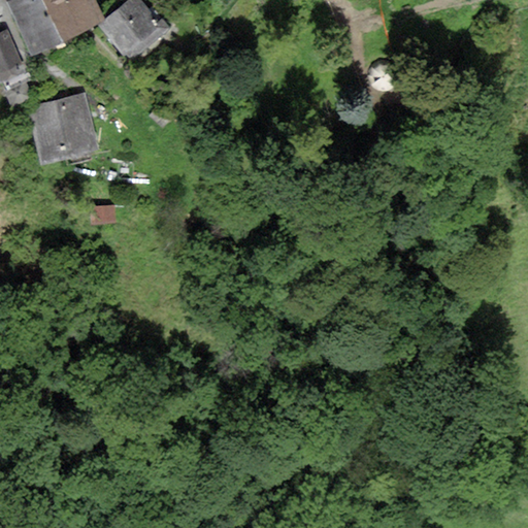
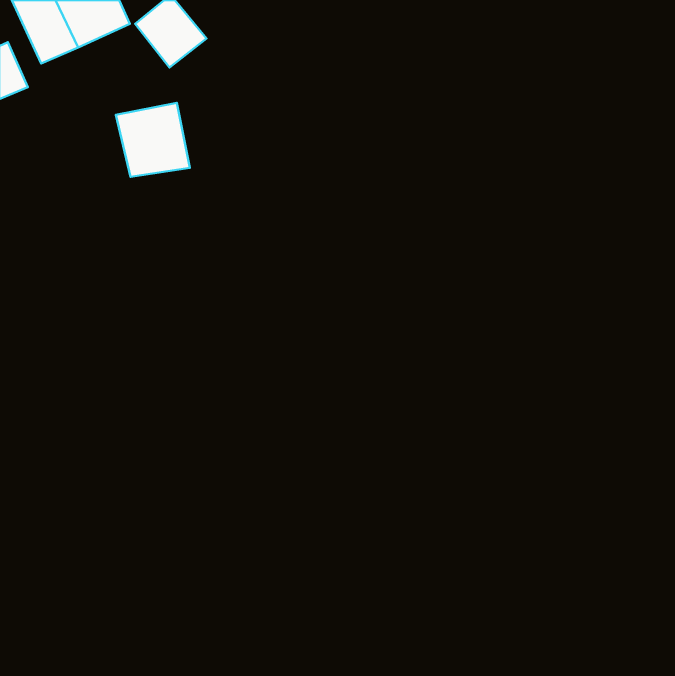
building: [35,97,93,155] -> [116,103,190,177]

